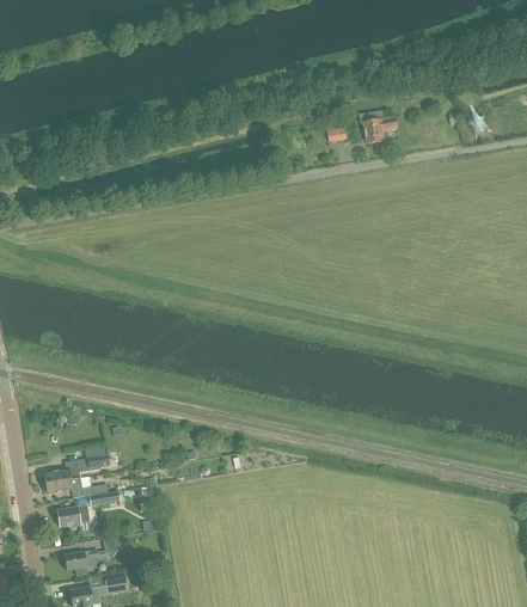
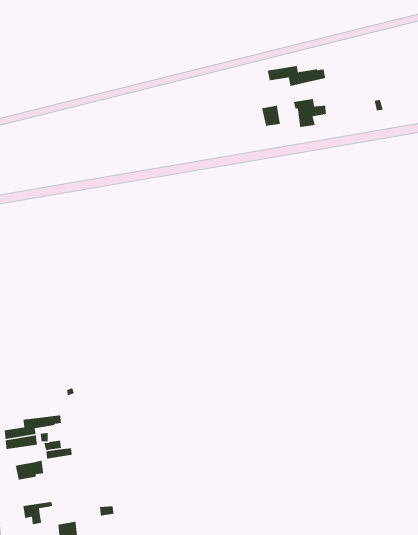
building: none -> [267,65,326,87]

